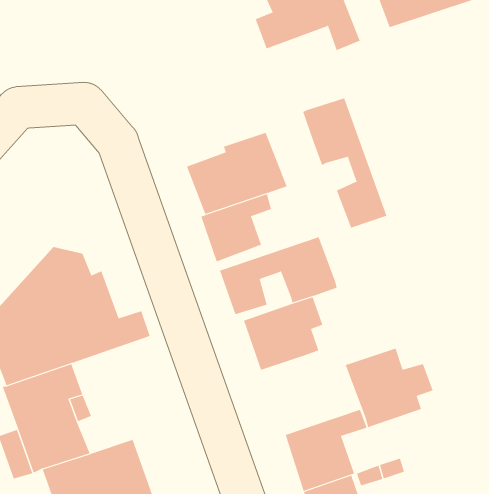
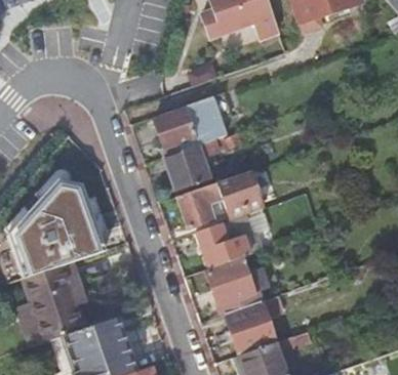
building: [302,98,387,229] -> none
building: [345,348,433,428] -> [204,256,268,314]

